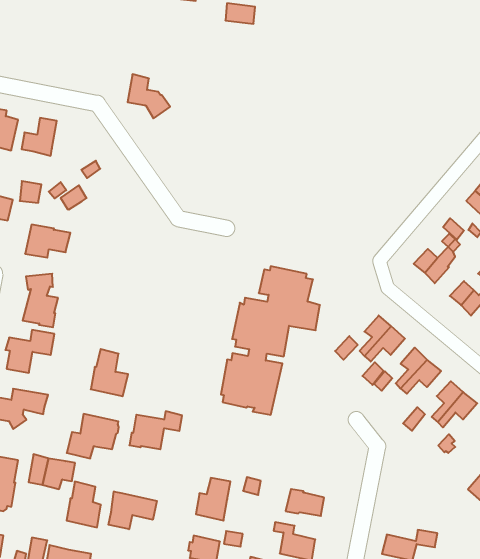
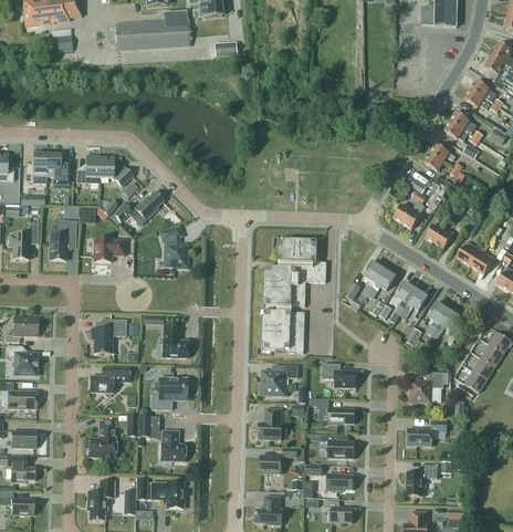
building: [128,74,170,118] -> [100,155,133,186]
building: none -> [129,191,163,219]
building: [23,274,58,327] -> [159,226,187,267]
building: [129,411,182,449] -> [261,364,297,395]
building: none -> [322,363,356,390]
building: none -> [409,372,443,403]
building: [108,491,157,529] -> none

